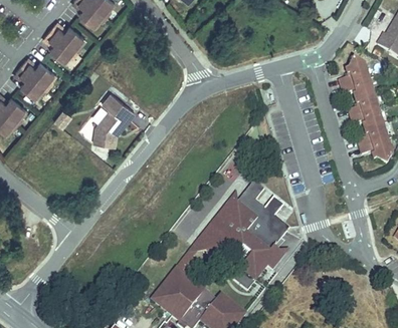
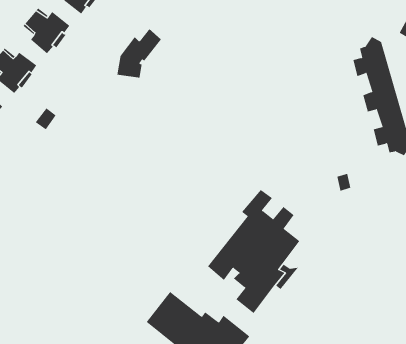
building: [92,102,133,146] -> [116,28,162,78]
building: [174,193,242,294] -> none

